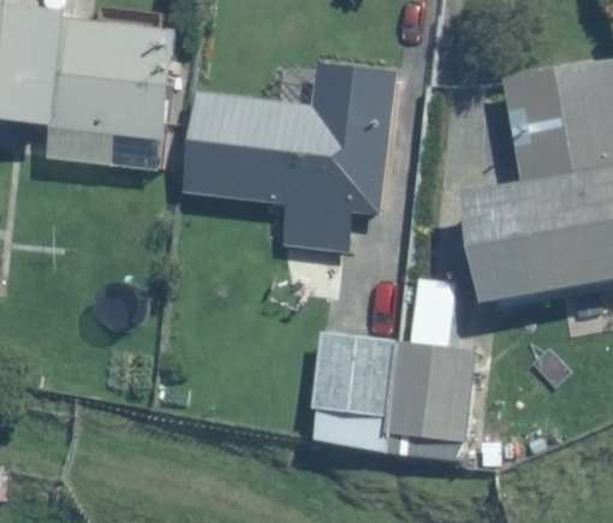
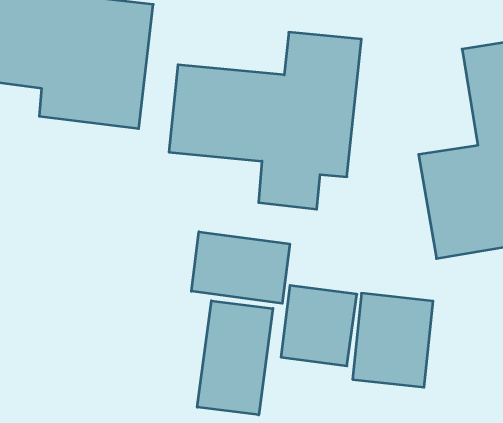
building: none -> [191,232,290,303]
building: none -> [197,301,273,415]

